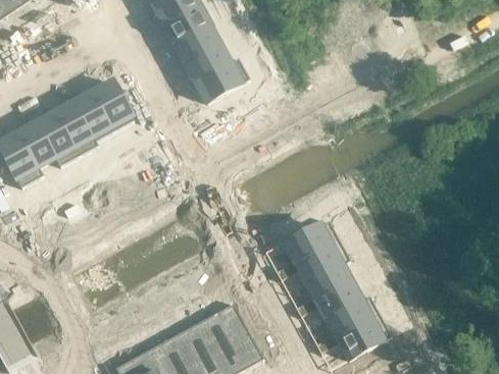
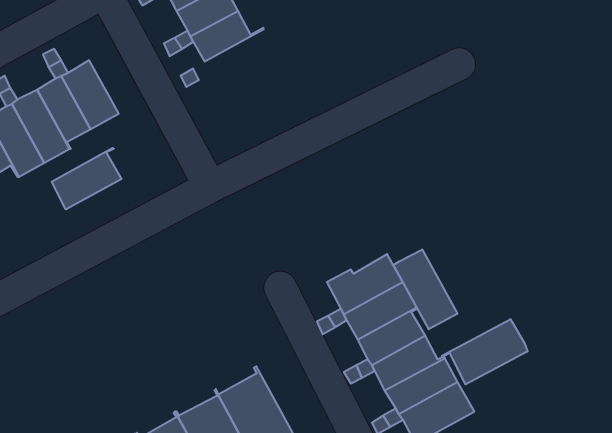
building: [194,58,248,102] -> none
building: none -> [52,148,121,209]
building: none -> [393,249,457,329]
building: none -> [442,319,528,384]

